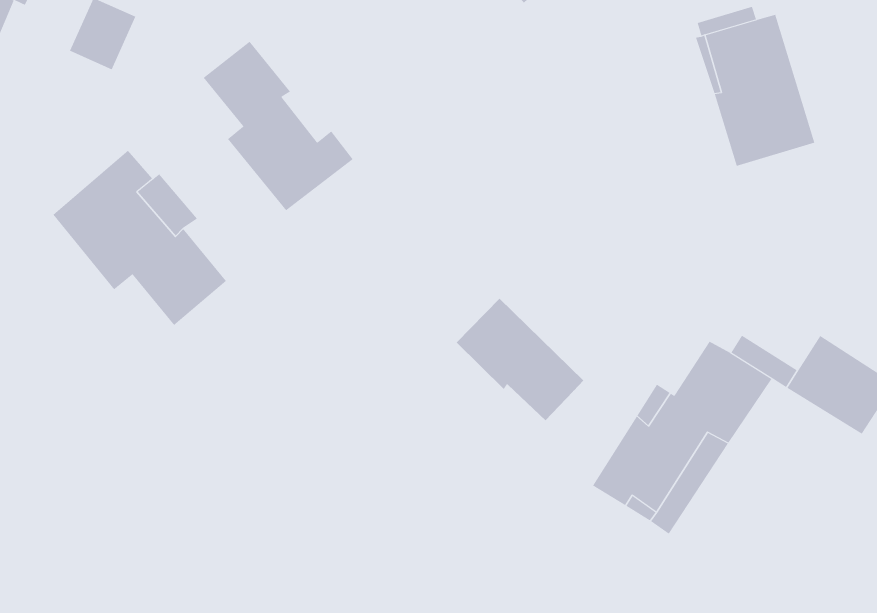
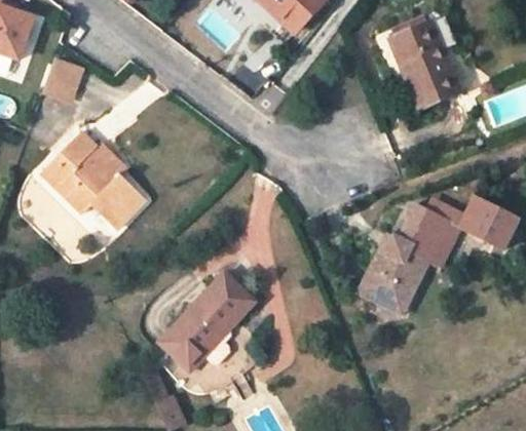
building: [203,41,353,211] -> none
building: [456,298,584,421] -> none
building: none -> [159,274,254,370]

